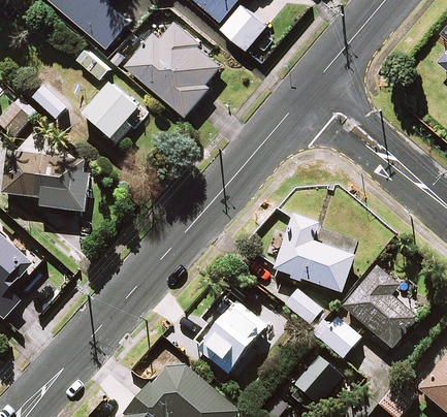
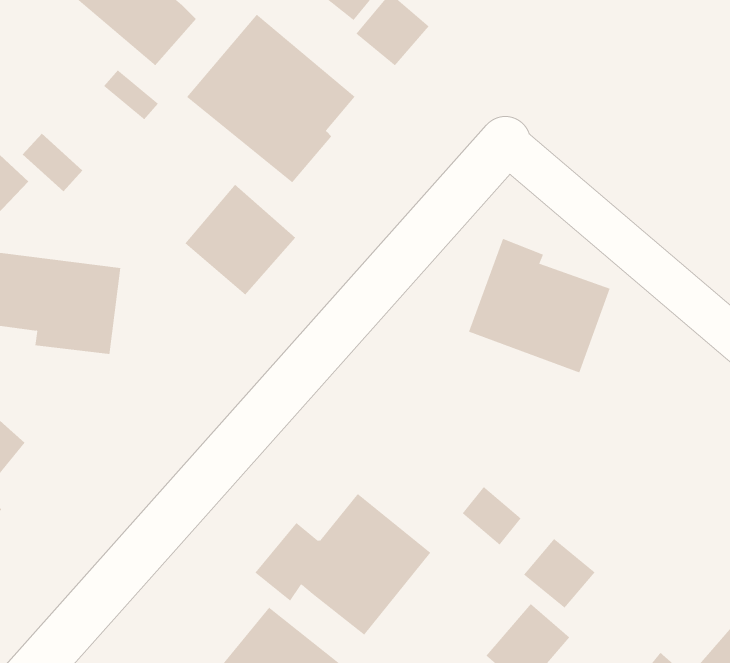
building: [82,82,146,146] -> [184,184,296,296]
building: [274,216,355,293] -> [468,238,611,373]
building: [342,266,417,349] -> none

